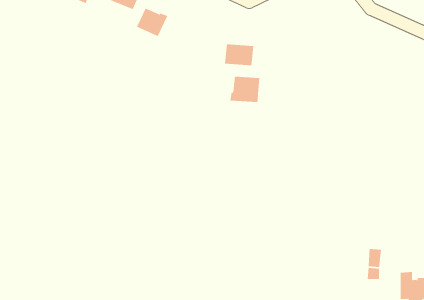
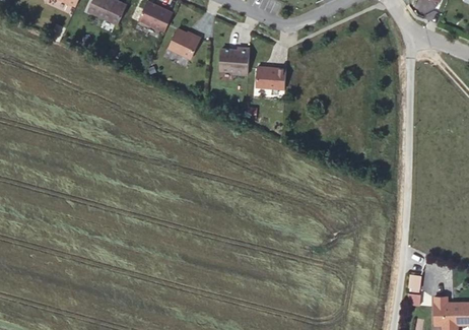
building: none -> [222,47,252,73]
building: [230,76,260,103] -> none

